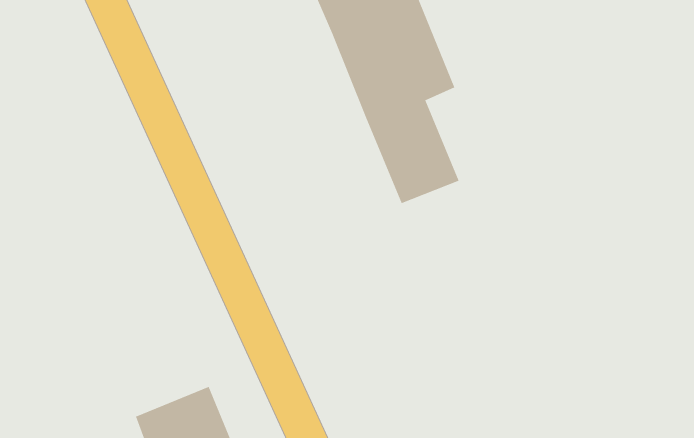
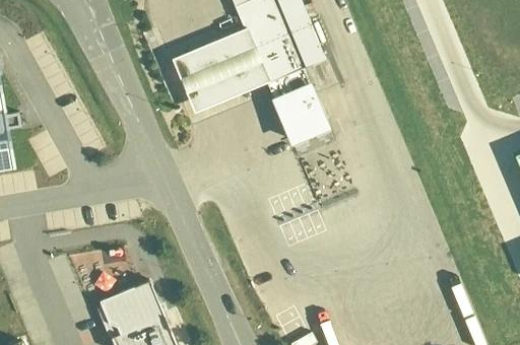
building: none -> [171,28,263,114]

